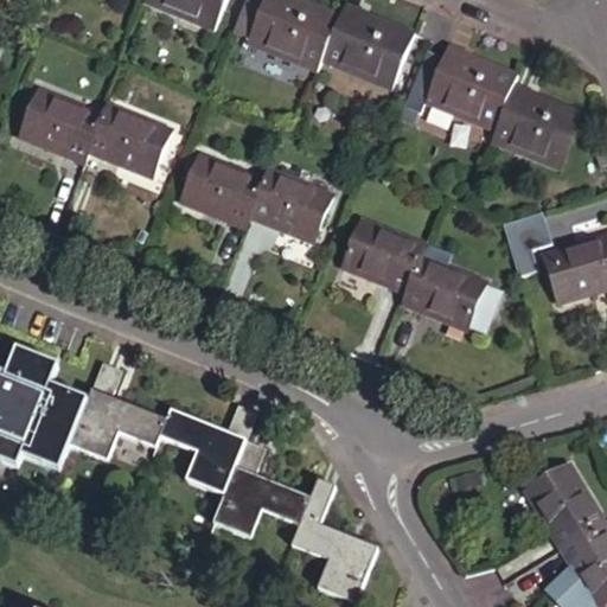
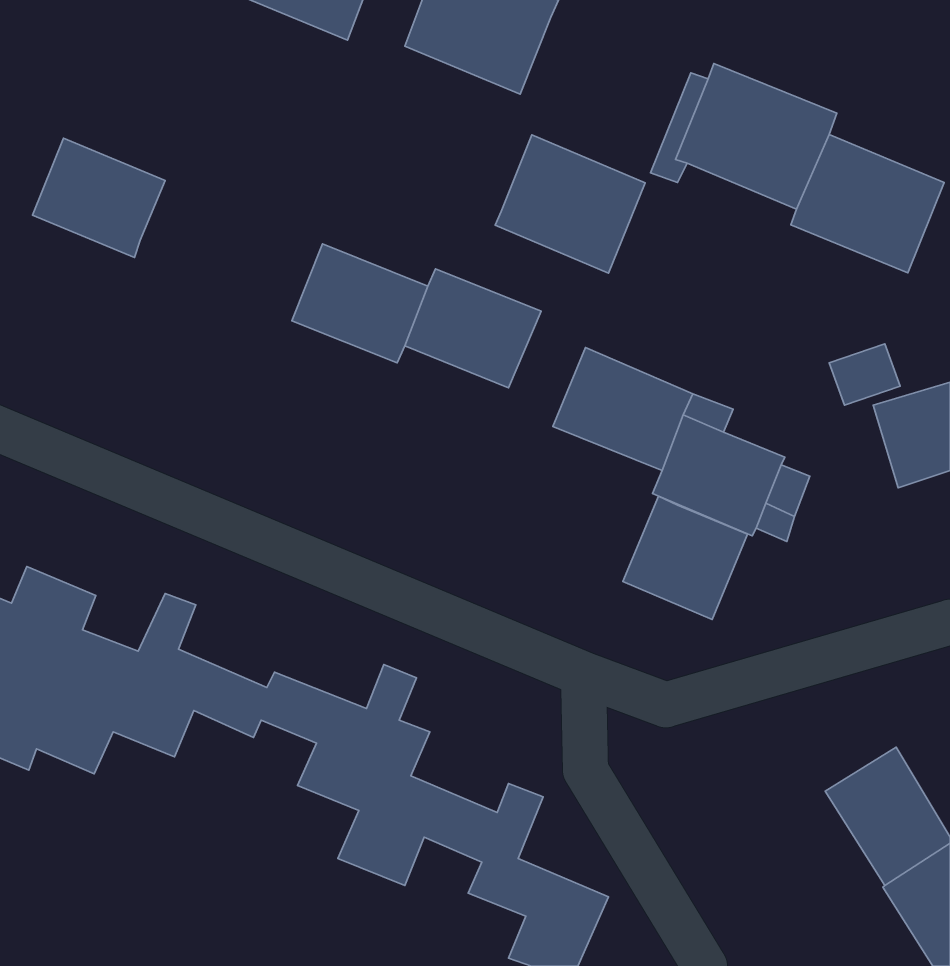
building: [318,11,410,96] -> [495,135,645,273]
building: [87,100,172,174] -> none
building: none -> [623,496,748,620]

